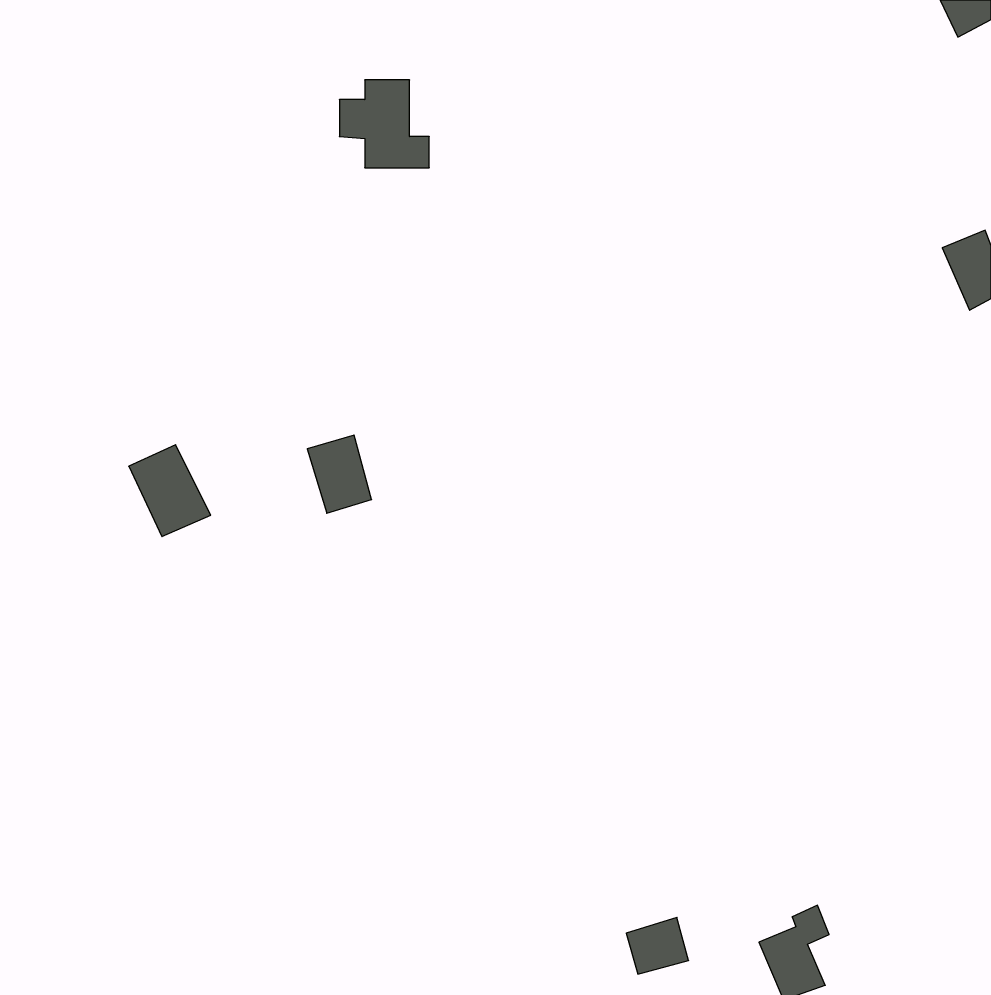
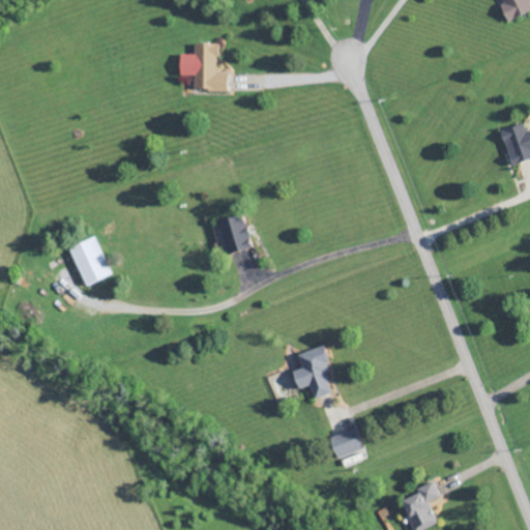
building: [307,435,372,513] -> [217,213,252,255]
building: none -> [293,347,335,399]
building: [626,917,689,974] -> [330,428,363,458]

